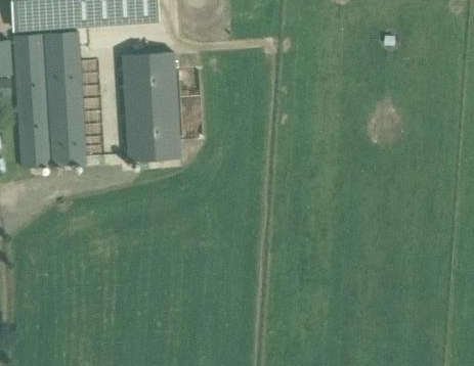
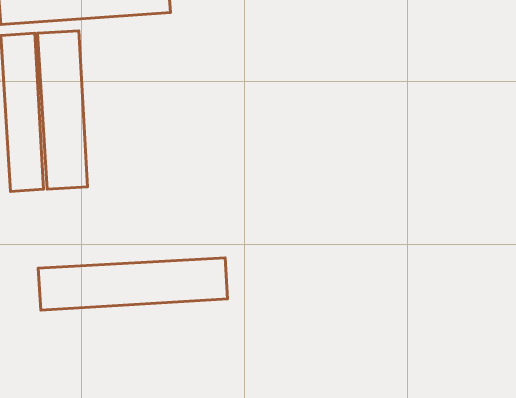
building: [124,54,180,163] -> none
building: none -> [38,258,227,310]

